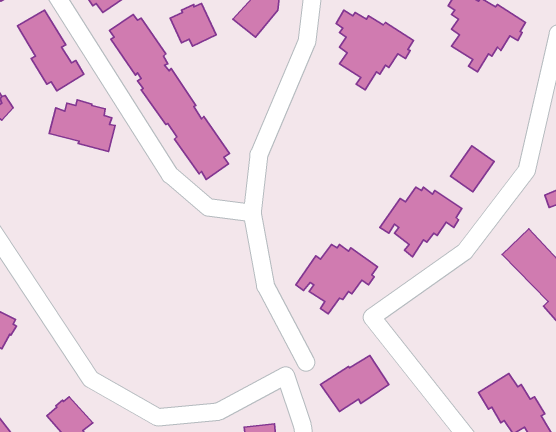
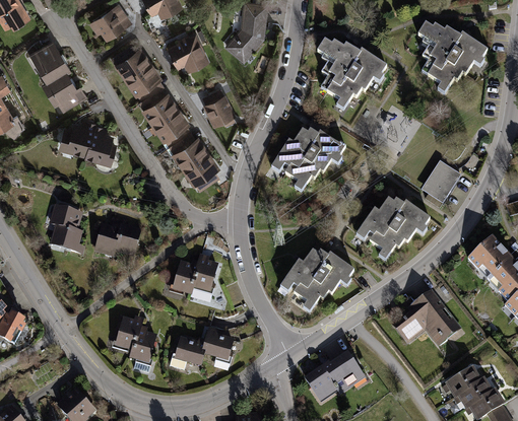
building: none -> [202,87,236,126]
building: none -> [271,129,345,192]
building: none -> [48,204,85,254]
building: none -> [93,222,141,257]
building: none -> [172,254,218,294]
building: none -> [392,289,462,347]
building: none -> [115,315,156,363]
building: none -> [174,328,235,366]

